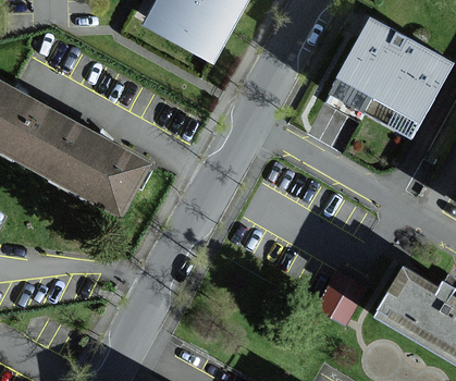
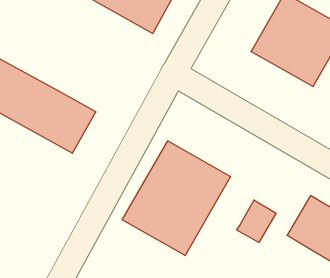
building: none -> [122,141,231,256]

